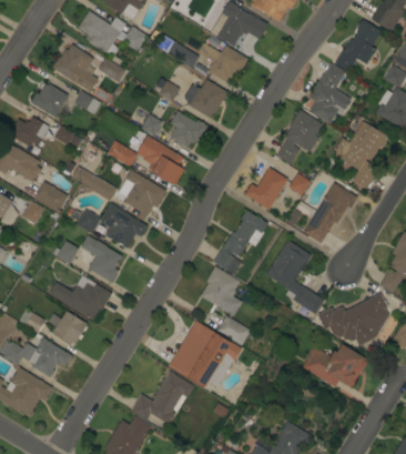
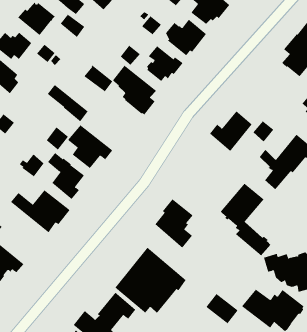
building: [276,110,322,163] -> none
building: [123,170,165,221] -> none
building: [33,181,68,213] -> none
building: [213,210,267,274] -> none
building: [48,310,88,344] -> none
building: [216,315,251,345] -> [206,293,238,324]

